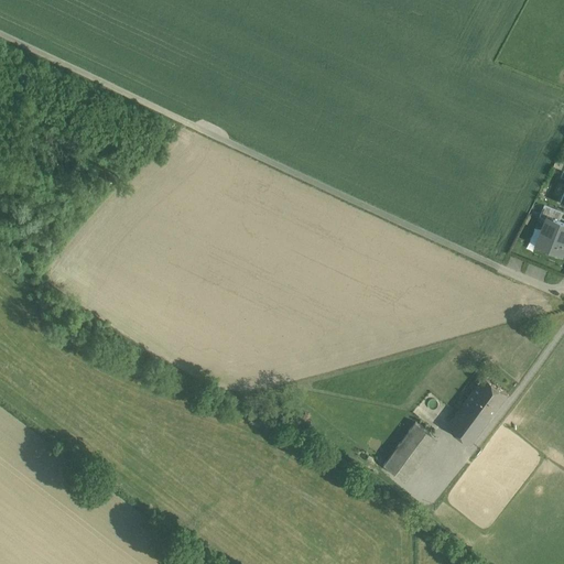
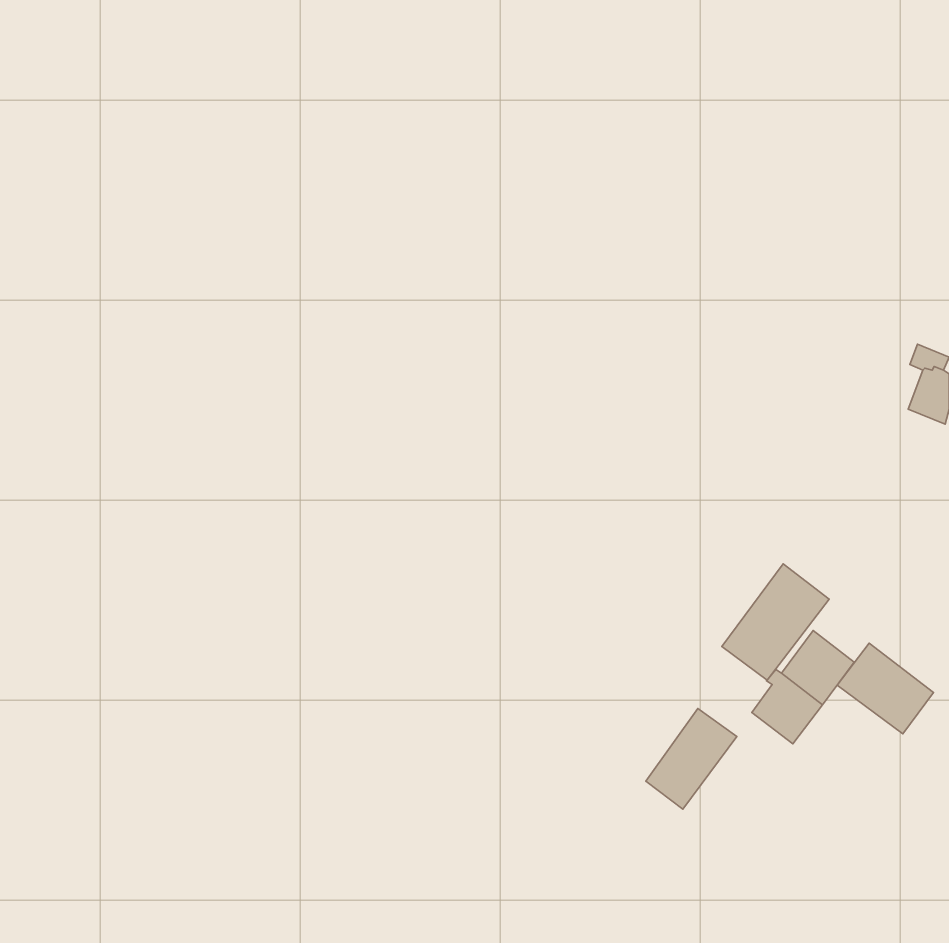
building: none -> [722,564,829,680]
building: none -> [837,643,933,734]

